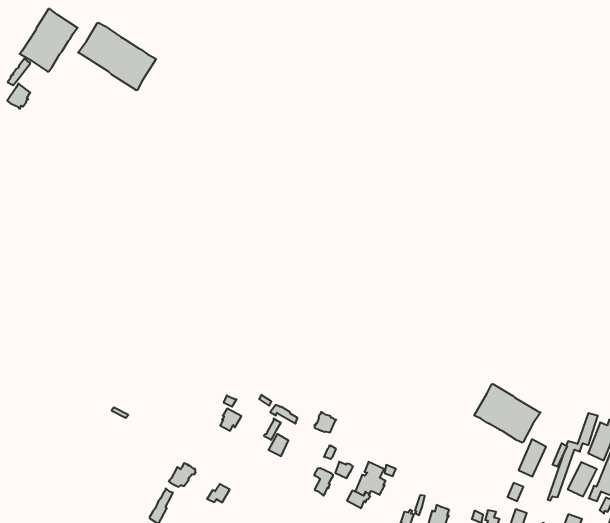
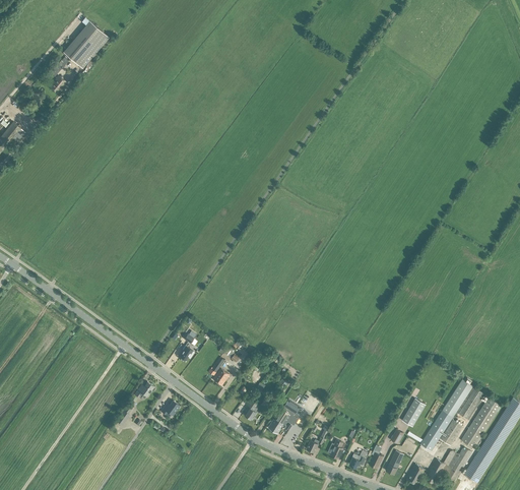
building: [78,23,156,90] -> none
building: [474,384,541,443] -> none

